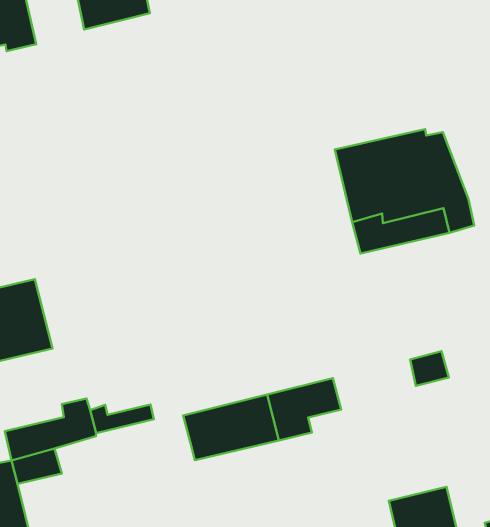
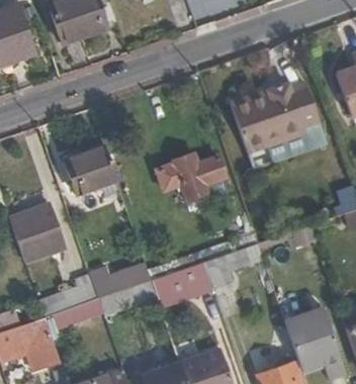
building: none -> [64,147,116,193]
building: none -> [158,153,225,200]
building: none -> [97,280,158,317]

